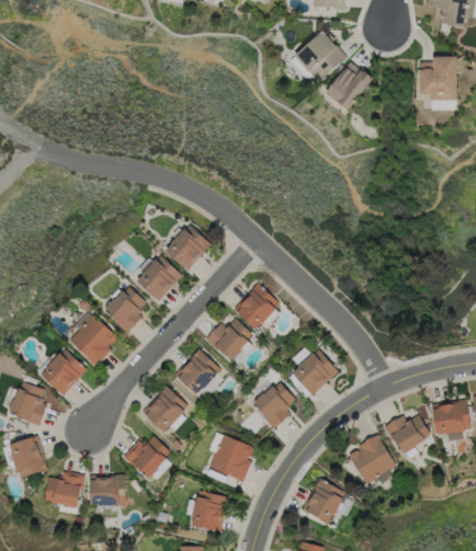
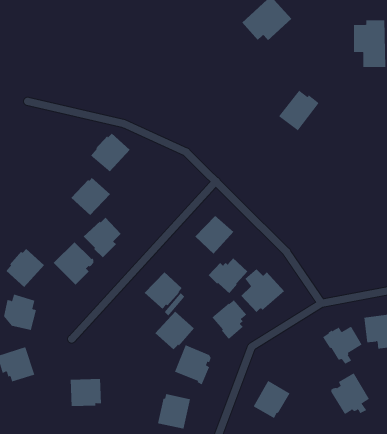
building: [326,61,374,110] -> [278,90,320,131]
building: [165,225,212,271] -> [90,133,131,172]
building: [135,256,182,301] -> [70,177,111,216]
building: [206,319,253,361] -> [208,257,248,294]
building: [41,349,87,395] -> [6,248,45,288]
building: [141,386,189,432] -> [155,311,195,350]
building: [349,434,395,483] -> [331,373,370,415]
building: [123,437,171,478] -> none
building: [45,471,86,516] -> none

